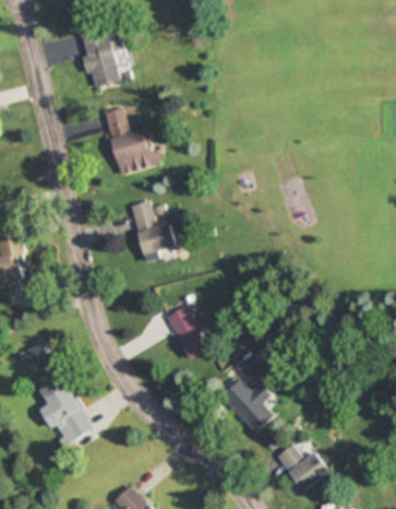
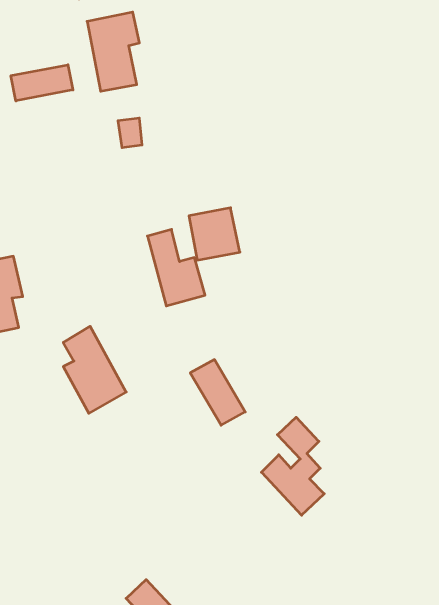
building: none -> [11,65,73,101]
building: [113,130,155,173] -> [189,208,240,260]
building: [39,376,91,447] -> [63,326,126,413]
building: [276,445,329,490] -> none

